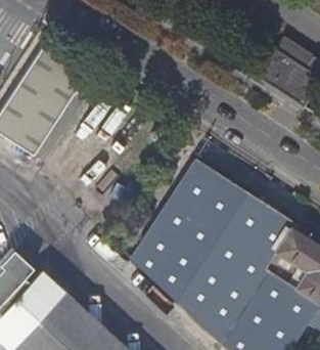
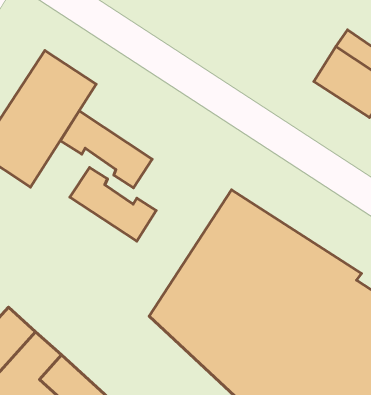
building: none -> [61,111,152,188]
building: none -> [70,167,156,241]

